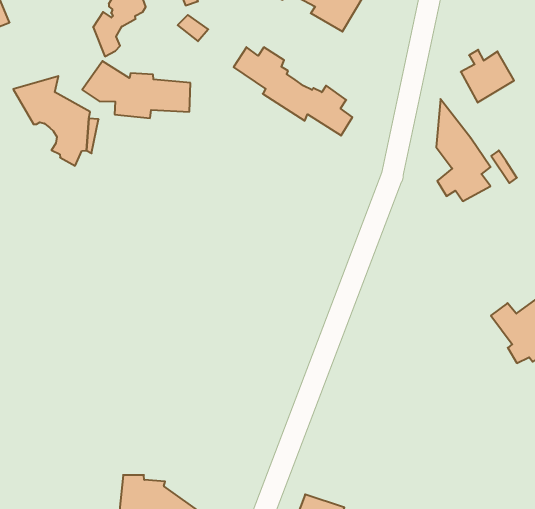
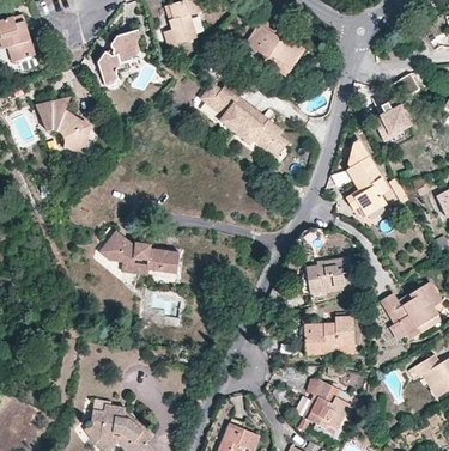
building: [82,61,190,118] -> [98,230,180,275]
building: none -> [307,256,353,292]
building: none -> [304,316,353,354]
building: none -> [307,378,351,429]

